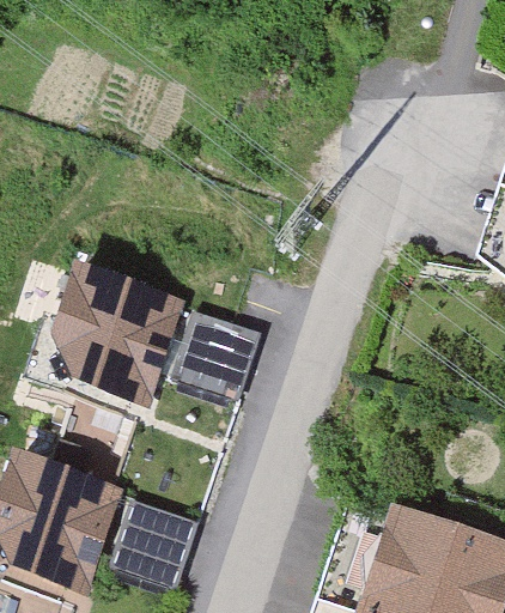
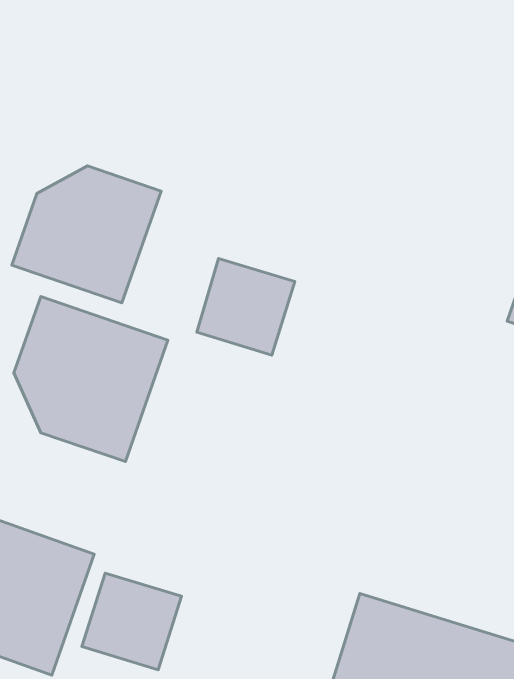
building: none -> [12,166,161,303]
building: [176,312,262,397] -> [197,258,295,355]

